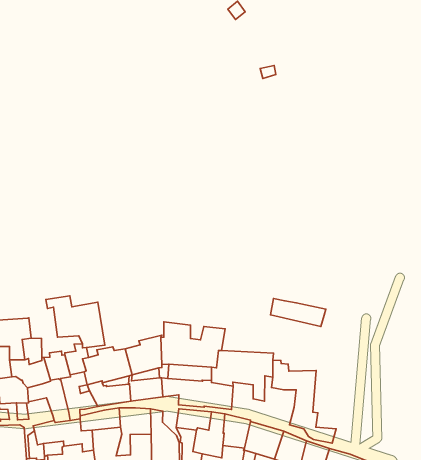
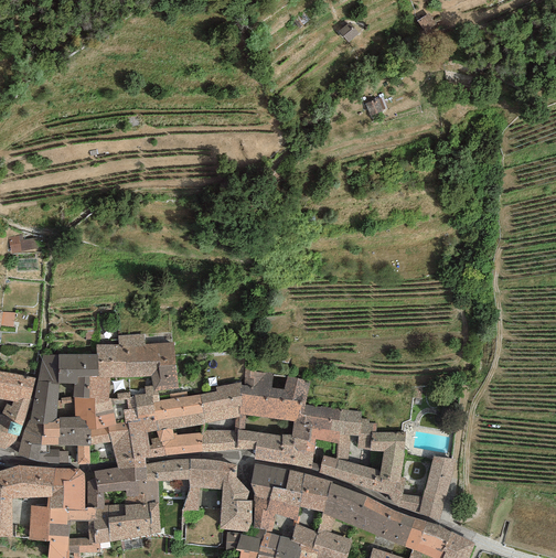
building: [271,298,326,327] -> [319,455,379,490]
building: none -> [96,344,127,377]
building: none -> [418,457,456,521]

